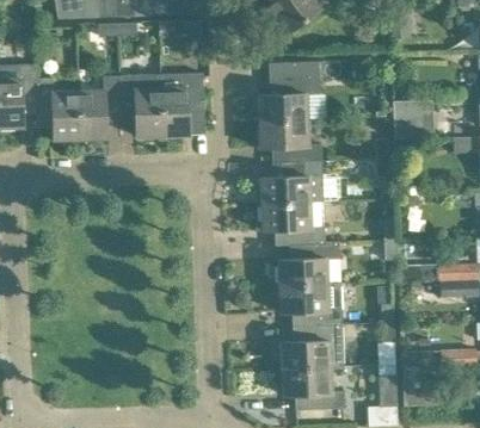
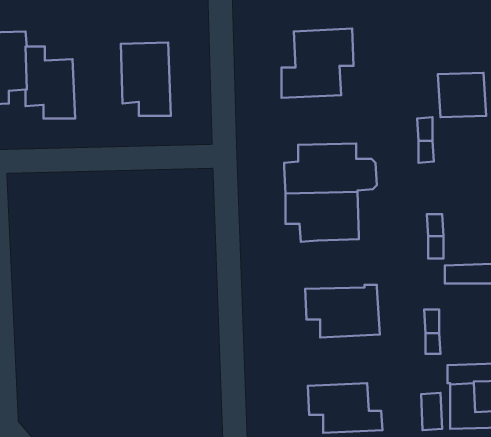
building: [160,73,204,137] -> none
building: [78,75,121,139] -> none
building: [258,119,322,162] -> none
building: [277,241,340,286] -> none
building: [281,325,344,370] -> none

